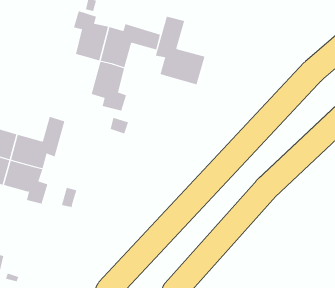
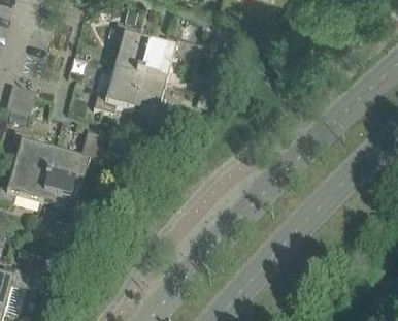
building: [155,16,205,85] -> none
building: none -> [93,69,139,115]

